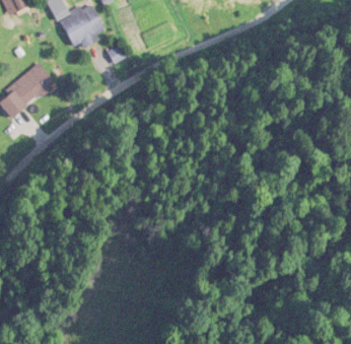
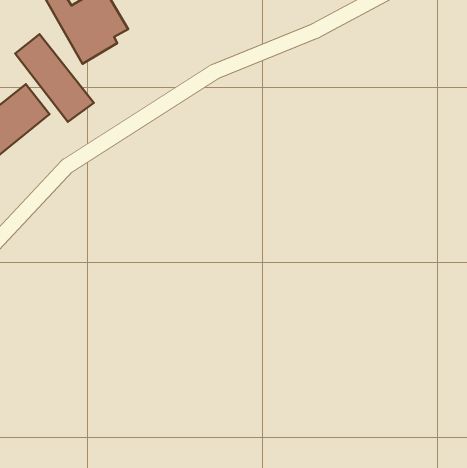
building: none -> [15,34,94,122]

